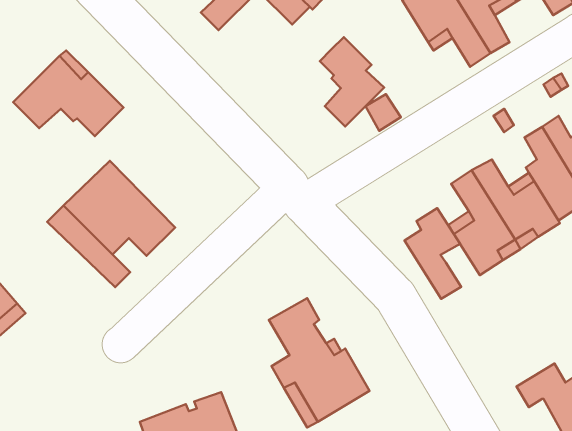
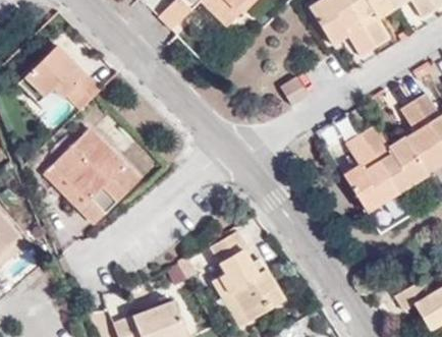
building: [320,37,384,127] -> none
building: [405,208,461,299] -> none

